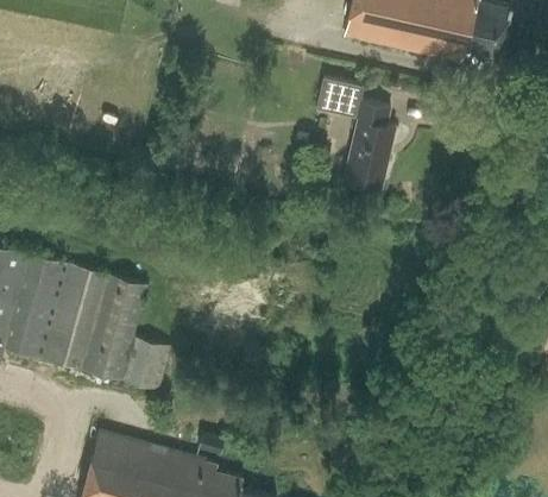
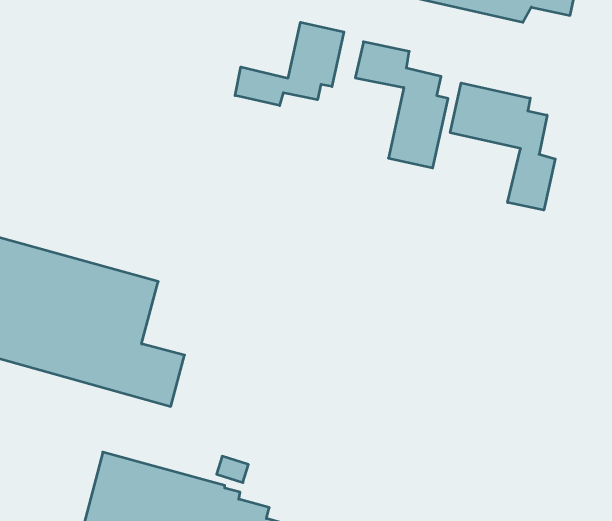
building: none -> [235,22,344,106]
building: none -> [450,83,555,210]

